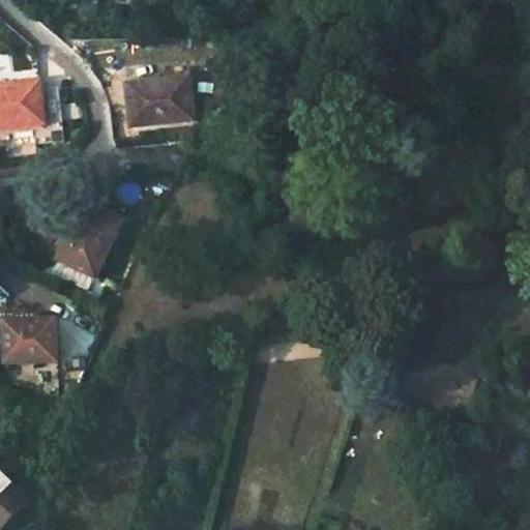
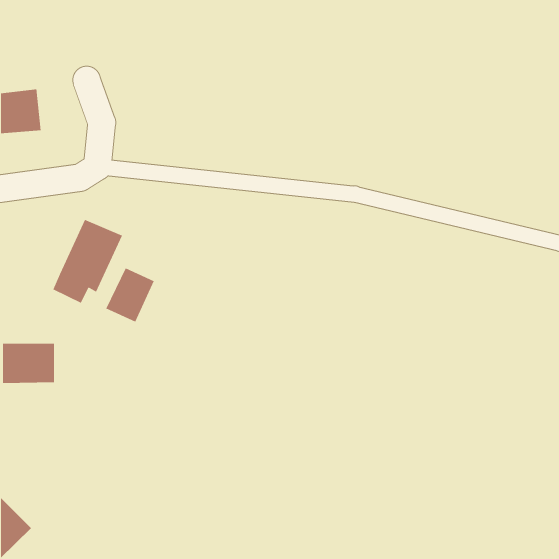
building: [126,78,193,123] -> none
building: none -> [106,268,155,323]

